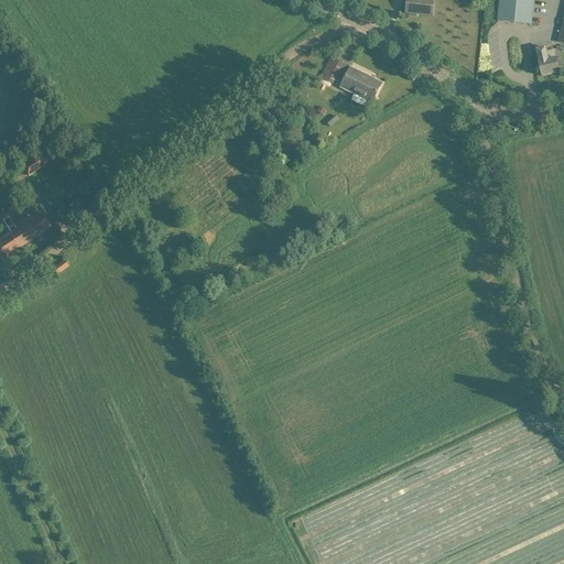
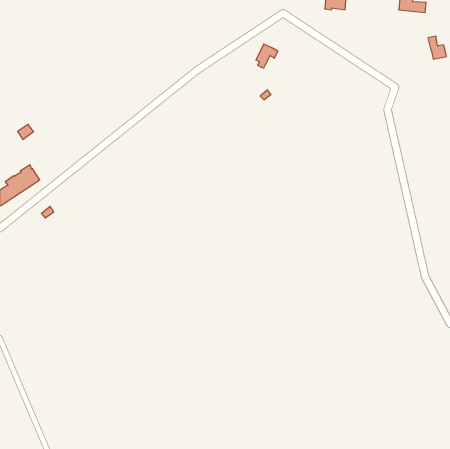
building: [339,65,381,106] -> none

